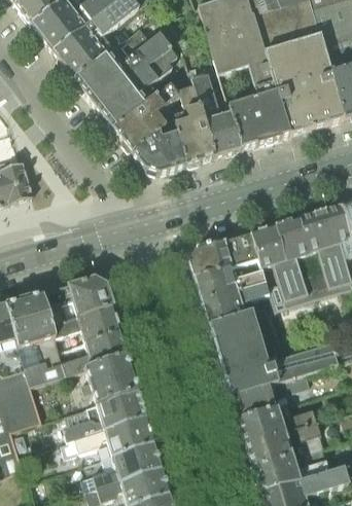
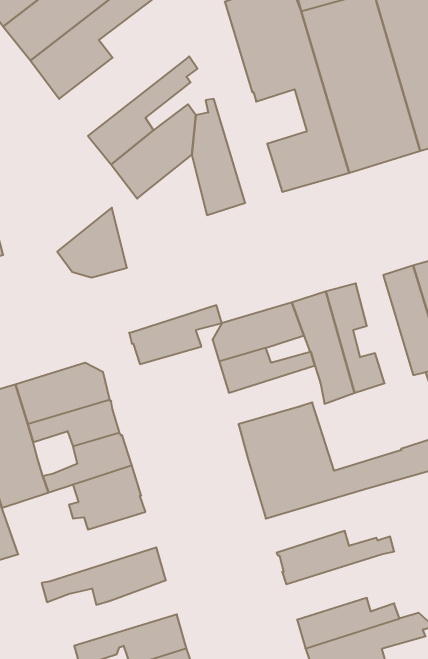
building: [72,27,170,105] -> none
building: [188,72,240,155] -> none
building: [131,119,183,172] -> [57,208,127,277]
building: [295,210,339,291] -> none
building: [199,278,269,322] -> [129,305,222,364]
building: [227,370,309,419] -> none
building: [63,388,145,440] -> none
building: [243,420,319,469] -> none
building: [79,439,161,489] -> none

